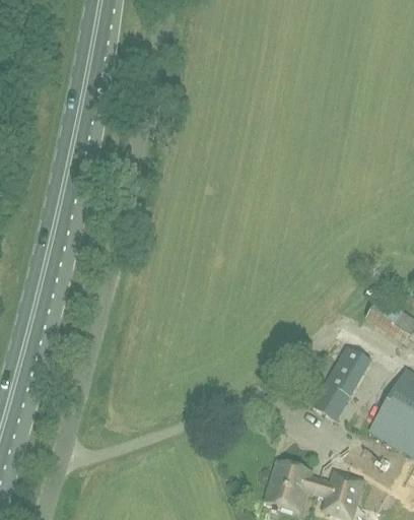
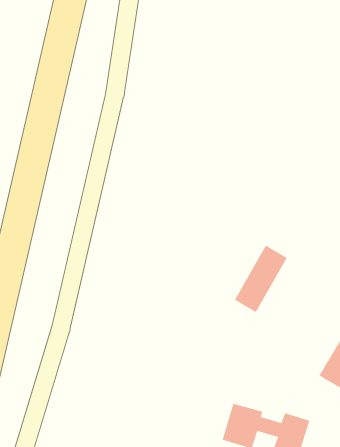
building: [312,345,370,420] -> [234,245,287,313]

